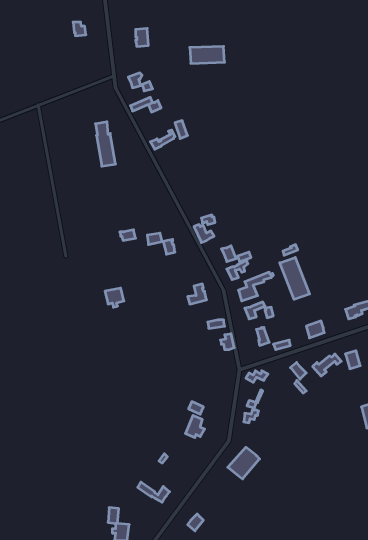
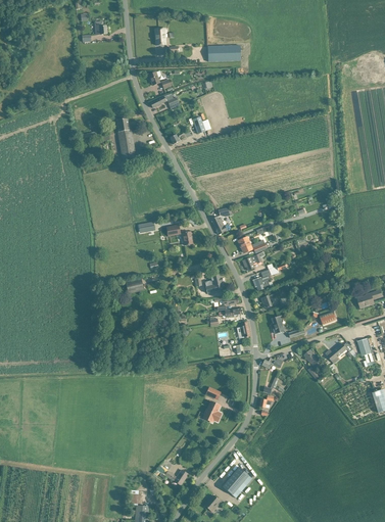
building: [280,257,310,299] -> none
building: [228,447,260,479] -> [222,467,252,497]

